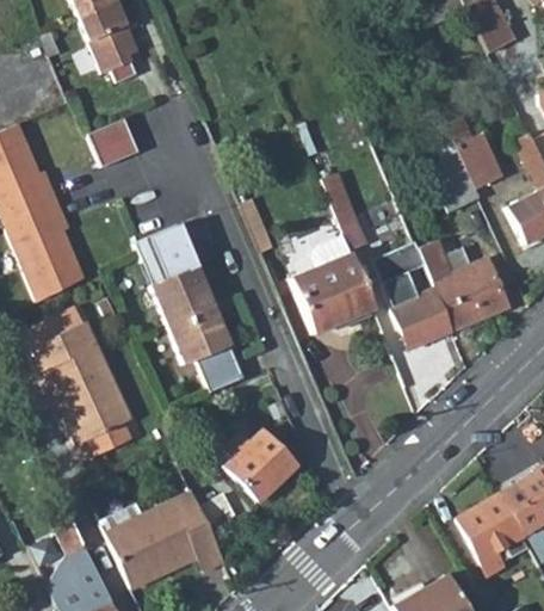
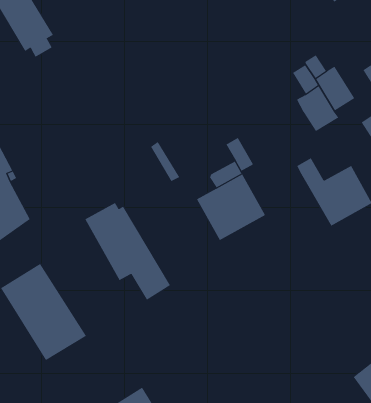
building: [87,112,137,160] -> none
building: [135,221,187,261] -> none
building: [372,237,453,350] -> none
building: [222,427,297,500] -> none

